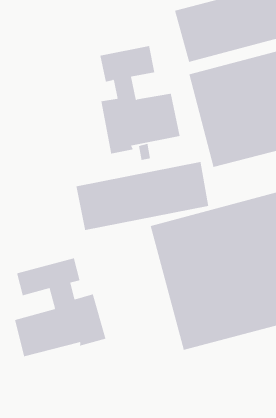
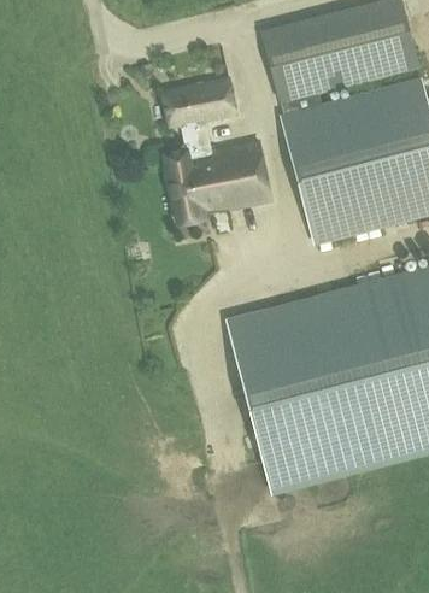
building: [76,161,209,231] -> none
building: [14,257,106,357] -> none

